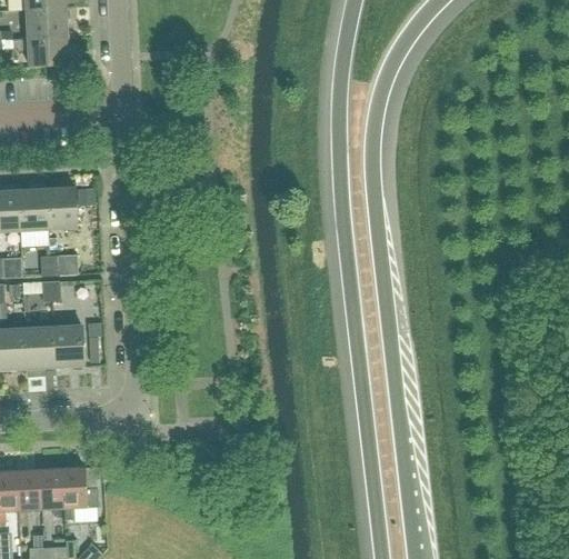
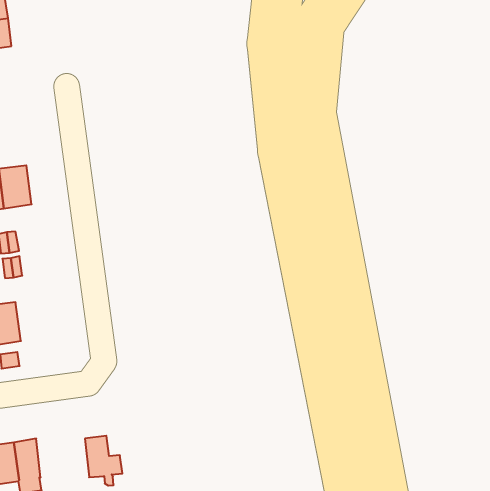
building: [53,325,86,366] -> none
building: [63,466,99,517] -> [85,436,122,486]

